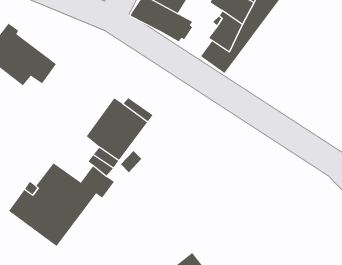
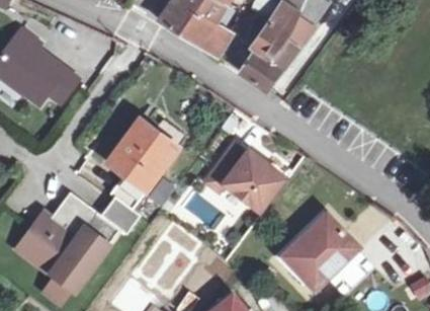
building: none -> [206,145,287,213]
building: none -> [283,214,371,293]

